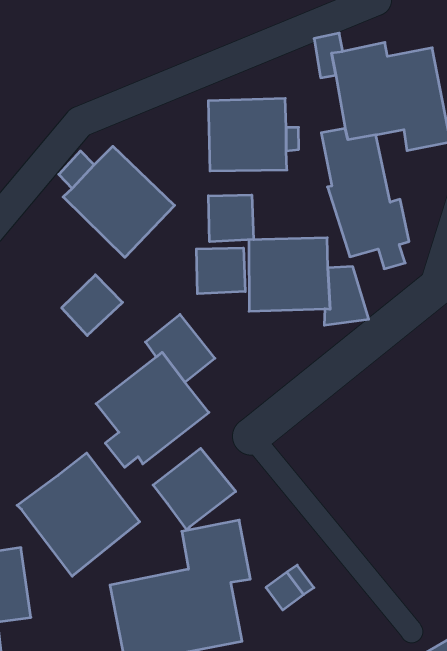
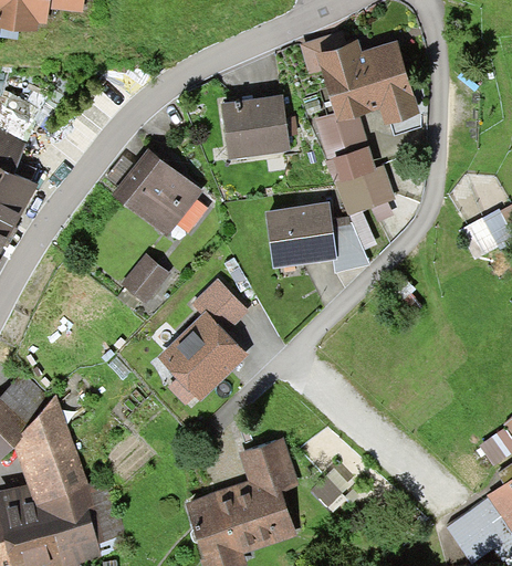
building: [208,195,254,242] -> none
building: [196,248,245,294] -> none
building: [153,448,236,530] -> none
building: [17,453,140,576] -> none

